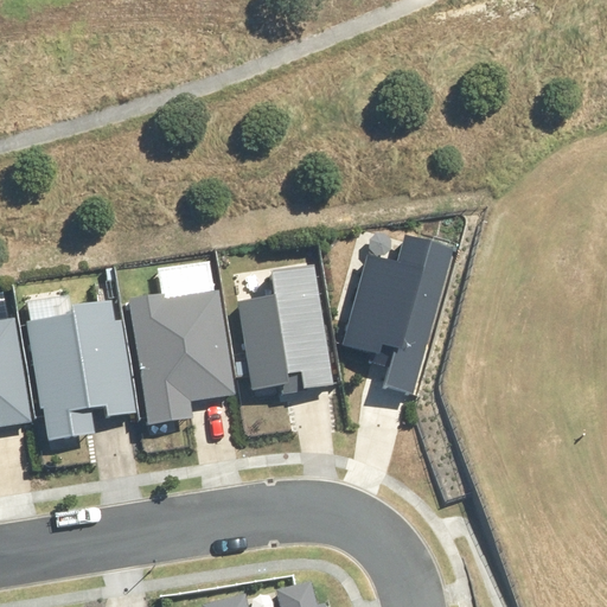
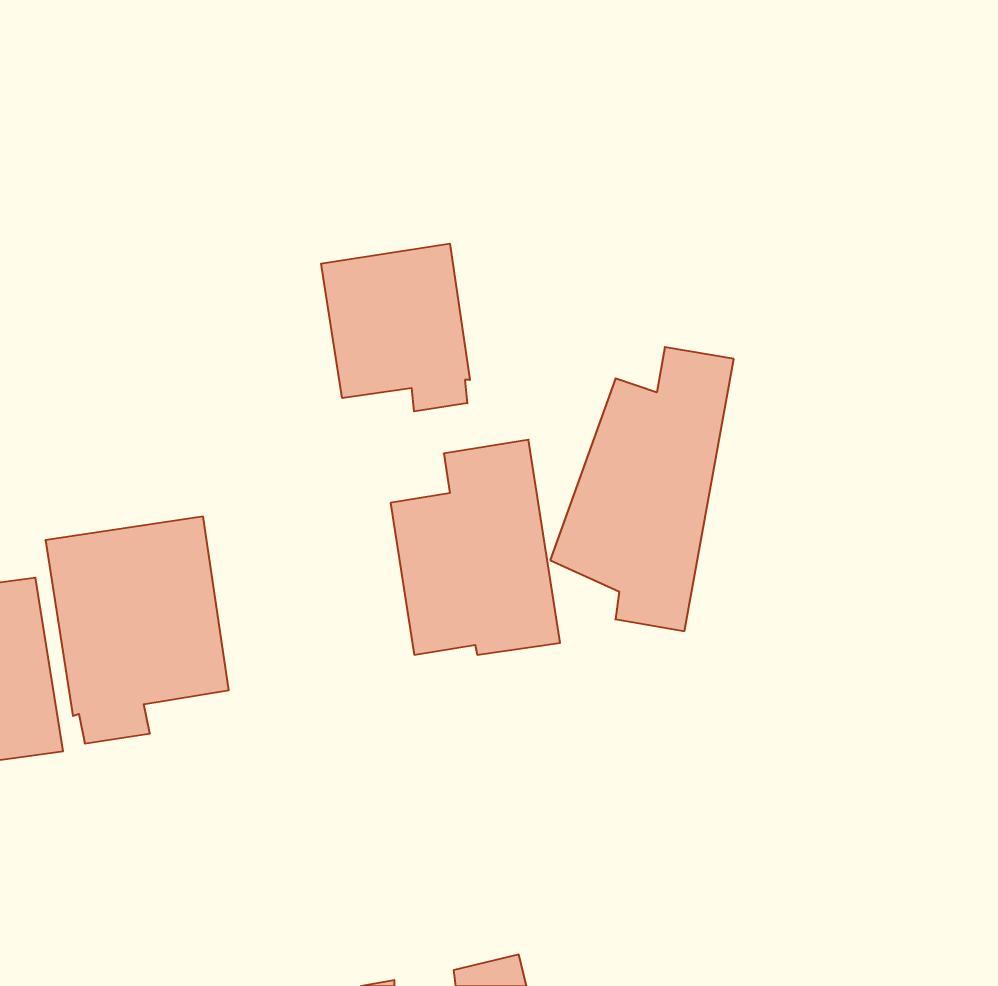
building: none -> [321,244,470,411]
building: [130,279,239,424] -> none

